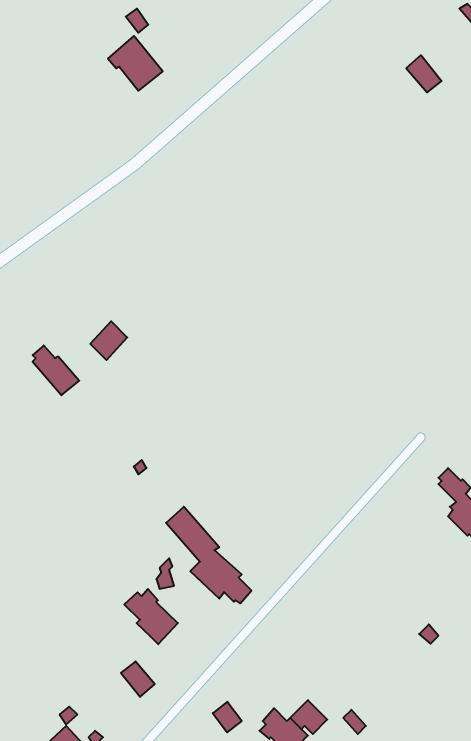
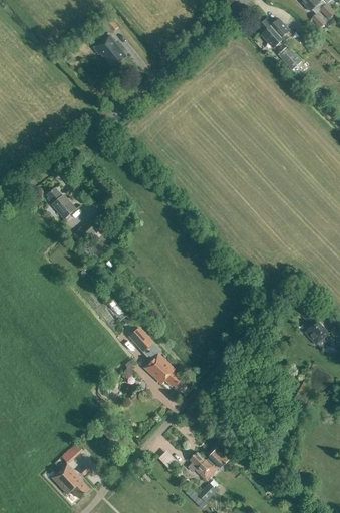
building: none -> [256,17,289,48]
building: [33,345,79,395] -> [46,188,75,219]
building: [124,589,178,644] -> none

